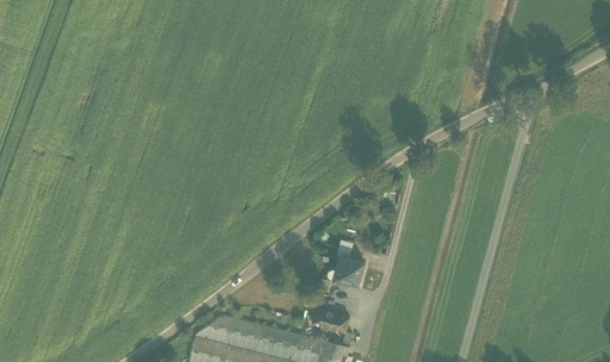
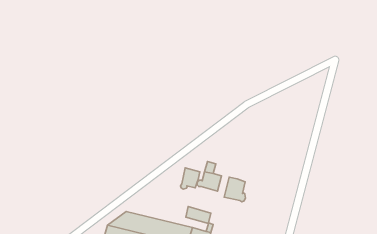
building: none -> [181,168,200,189]
building: none -> [224,177,245,202]

